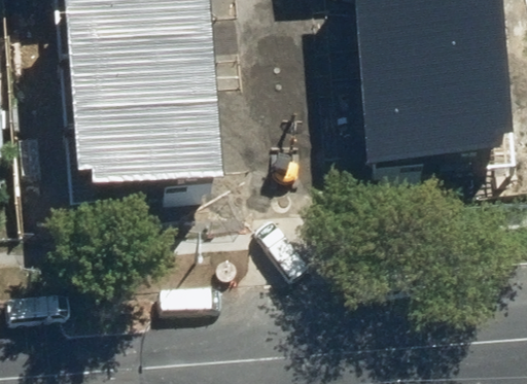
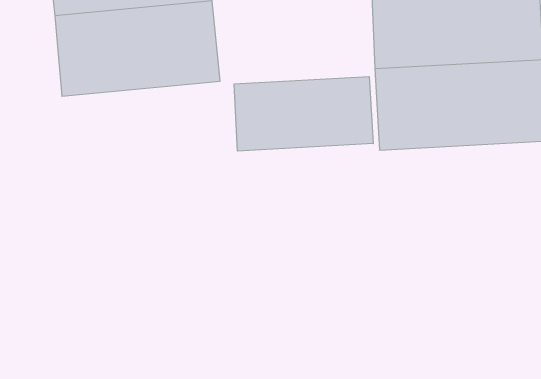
building: none -> [234,77,373,151]
building: [75,95,224,185] -> none

